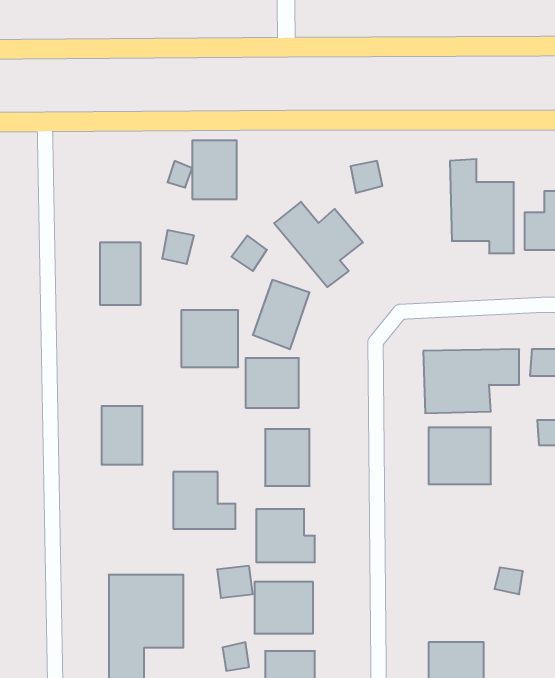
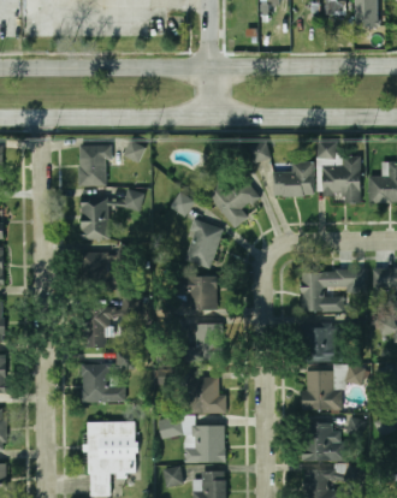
building: [192,140,237,199] -> [79,146,109,185]
building: none -> [274,162,313,196]
building: [181,310,238,367] -> [79,253,118,291]
building: [173,472,236,529] -> [81,364,123,403]
building: none -> [303,366,365,411]
building: none -> [300,423,344,462]

